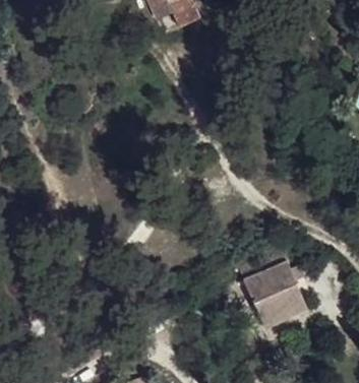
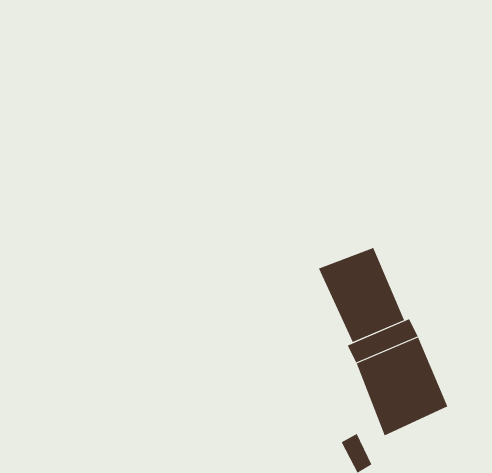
building: none -> [318,247,405,343]

